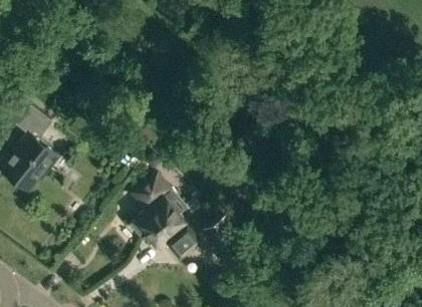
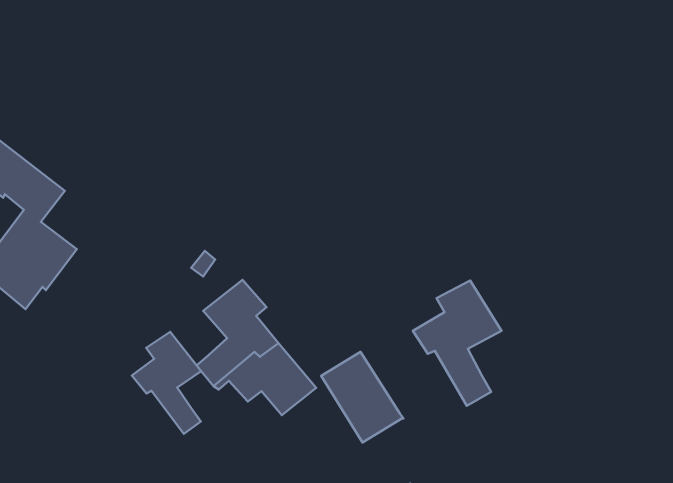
building: none -> [413,280,501,406]
building: none -> [132,332,201,434]

